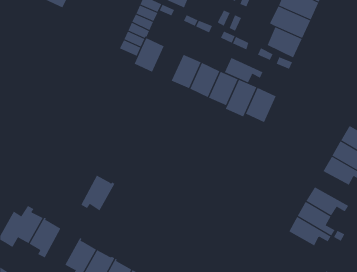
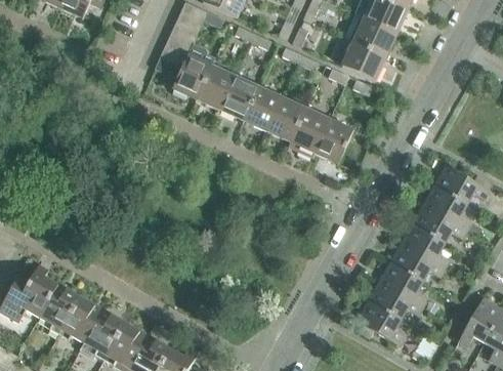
building: none -> [196,65,235,109]
building: [224,57,263,83] -> none
building: none -> [402,223,450,267]
building: [80,175,115,211] -> [59,296,103,342]
building: none -> [358,300,406,344]

